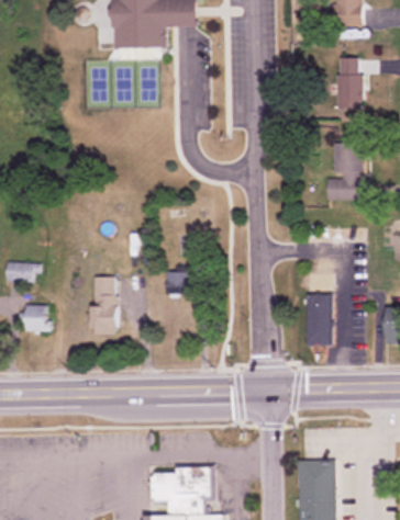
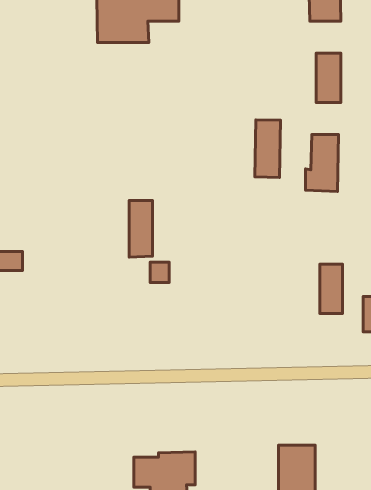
building: none -> [255,120,281,177]
building: [92,276,116,335] -> [129,200,153,257]
building: [305,295,329,346] -> [320,264,342,313]
building: [23,305,49,331] -> none

